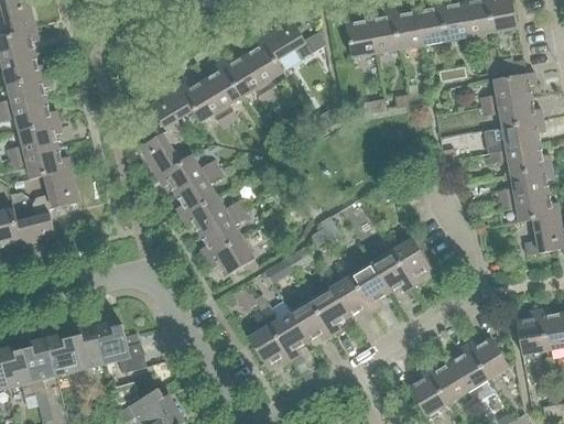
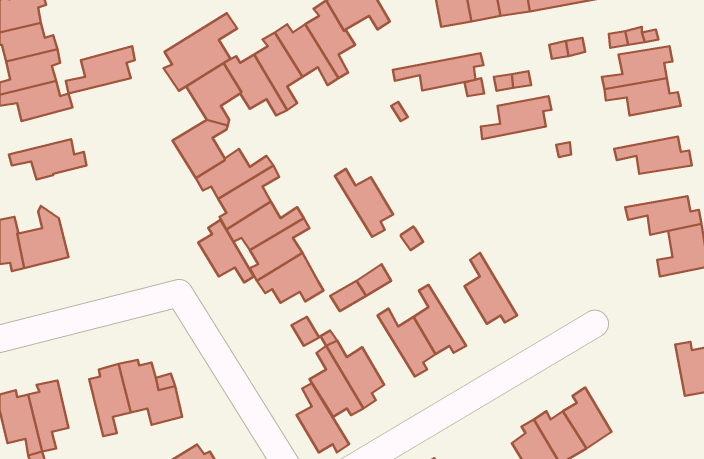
building: none -> [164,13,237,91]
building: none -> [393,53,484,90]
building: [488,120,544,154] -> [481,96,551,139]
building: [6,121,61,159] -> [66,46,135,93]
building: [33,167,78,209] -> none
building: [496,167,552,200] -> none
building: none -> [198,220,254,283]
building: [382,232,430,286] -> none
building: [341,257,388,311] -> [335,169,393,237]
building: [289,286,330,341] -> [297,383,349,452]
building: [516,309,545,355] -> none
building: [46,334,83,385] -> none
building: [466,337,508,379] -> none

